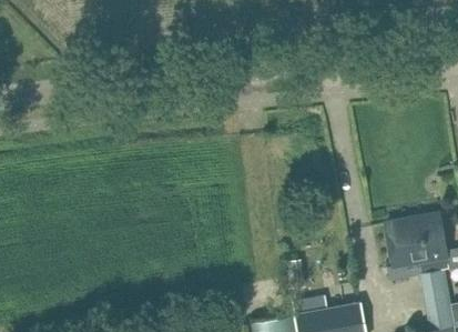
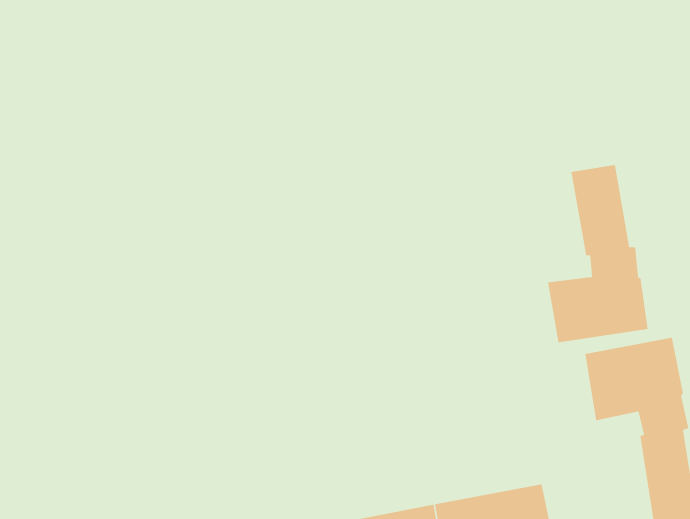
building: none -> [547,164,648,343]

